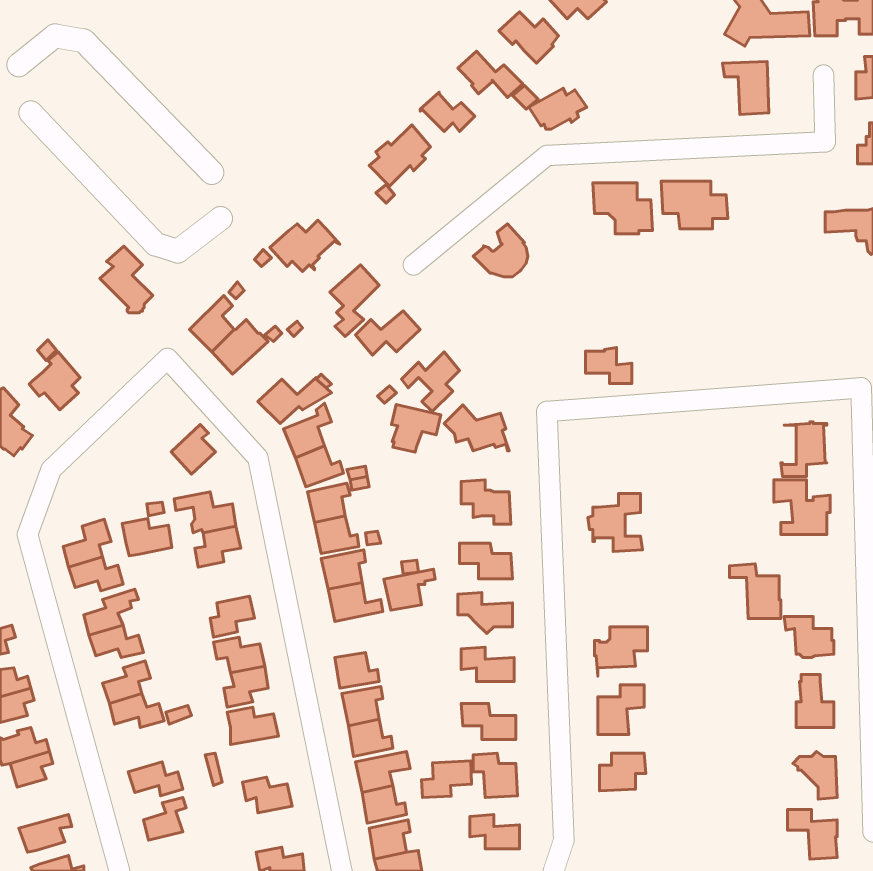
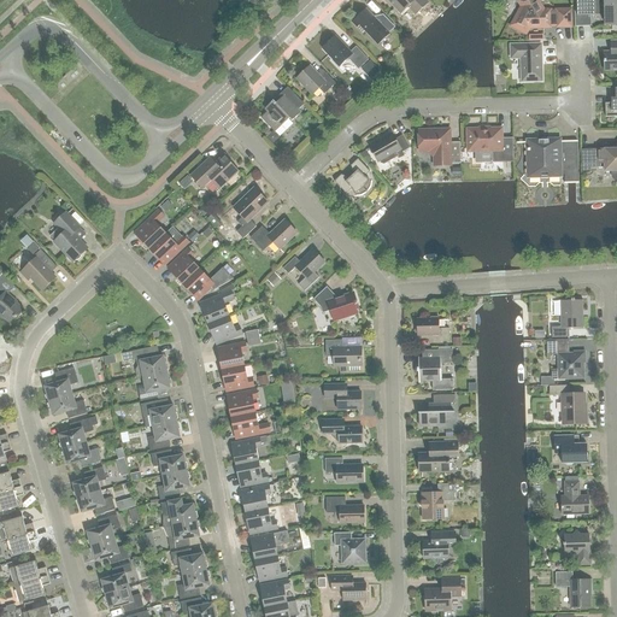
building: [529,88,587,129] -> [369,134,410,163]
building: none -> [517,140,578,182]
building: [100,246,153,313] -> [49,212,87,259]
building: [586,348,632,384] -> [417,316,449,341]
building: [392,405,441,452] -> none
building: [171,425,215,474] -> [168,248,199,283]
building: [122,518,172,556] -> [141,400,176,427]
building: none -> [418,394,456,427]
building: [729,564,781,619] -> [550,384,586,423]
building: [384,569,435,610] -> [231,435,268,464]
building: none -> [87,513,121,545]
building: none -> [163,519,199,548]
building: [422,761,471,798] -> none
building: none -> [8,560,48,584]
building: none -> [177,569,210,598]
building: none -> [424,577,462,609]
building: none -> [105,587,143,610]

